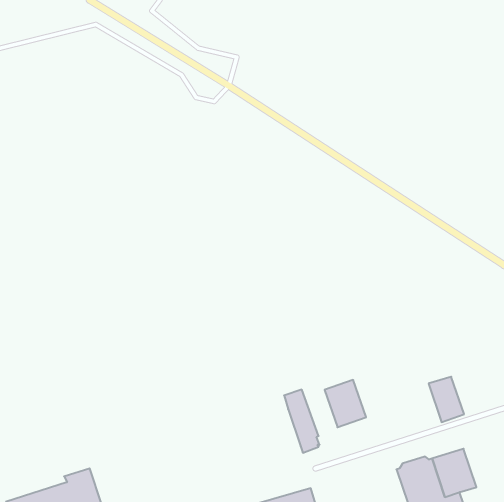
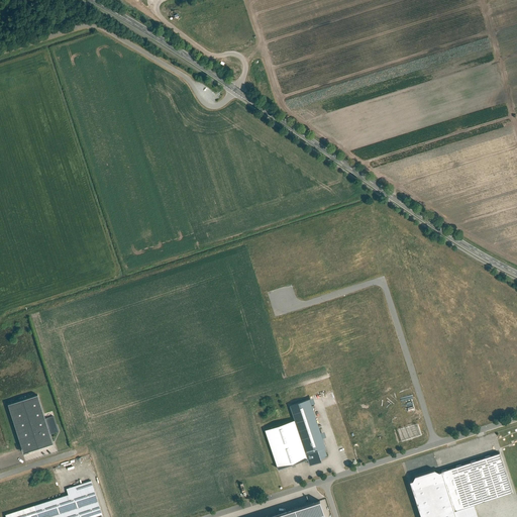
building: [429,377,464,422] -> [475,454,511,501]
building: [325,380,366,427] -> [266,421,308,470]
building: none -> [8,397,54,455]

